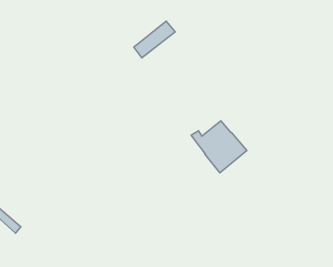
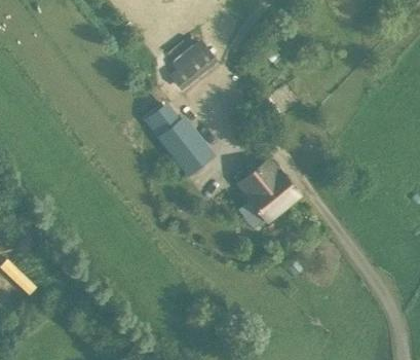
building: none -> [150,110,207,175]

